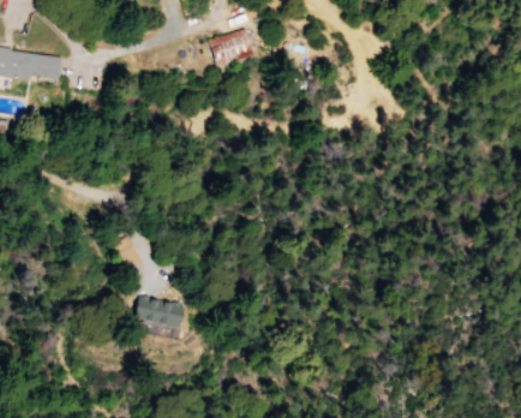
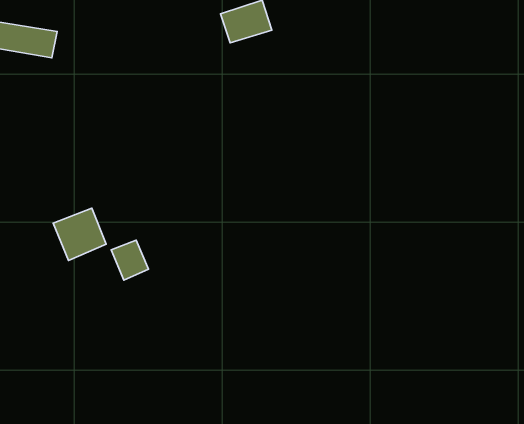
building: none -> [53,208,106,261]
building: [126,295,181,330] -> none

